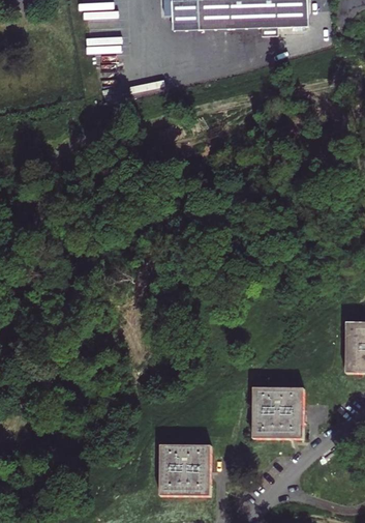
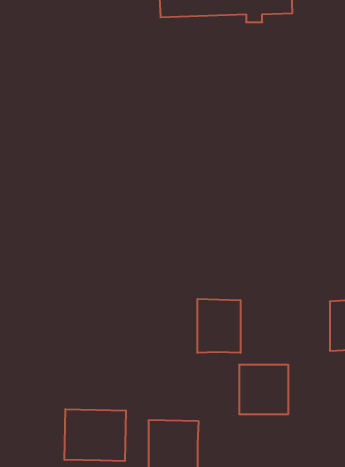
building: none -> [197,299,240,353]
building: none -> [64,409,126,461]

